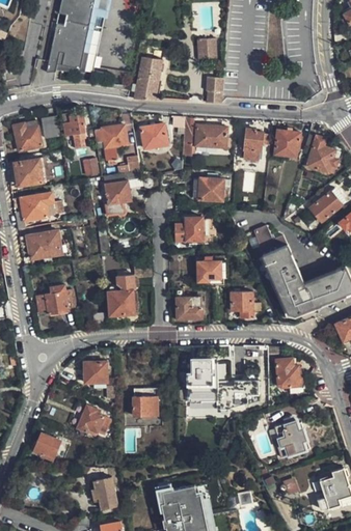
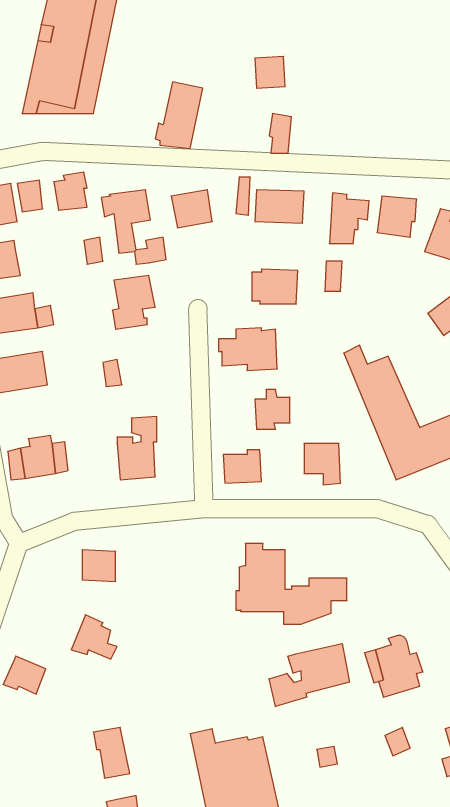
building: [275,358,299,387] -> none
building: [131,392,155,412] -> none
building: none -> [269,644,349,707]

